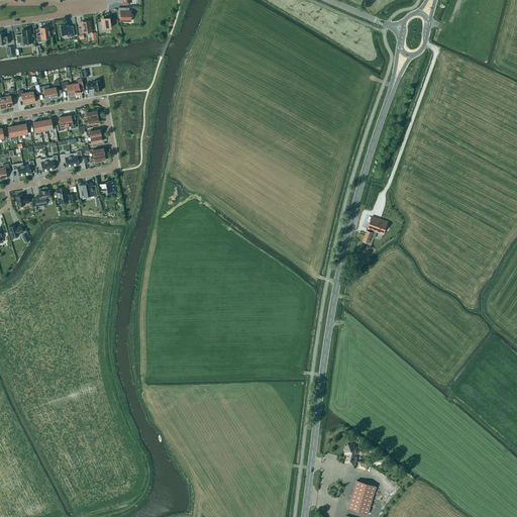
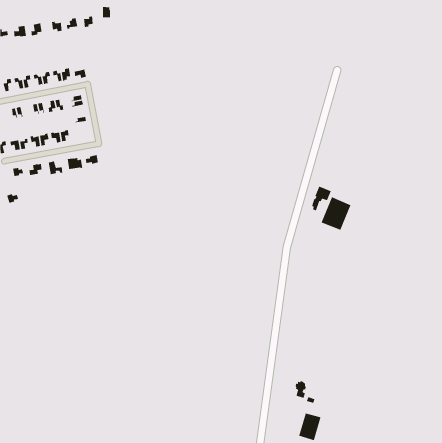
building: none -> [320,196,351,231]

